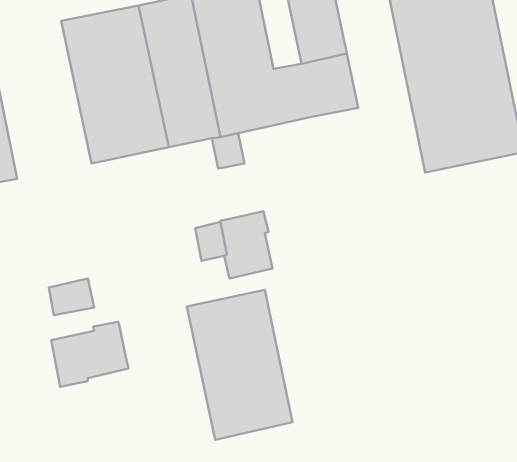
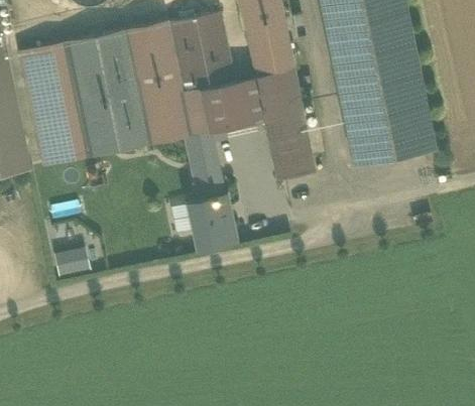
building: none -> [21,43,90,165]
building: none -> [265,113,316,180]
building: none -> [191,157,226,201]
building: [187,290,293,440] -> none
building: [51,322,129,387] -> none

